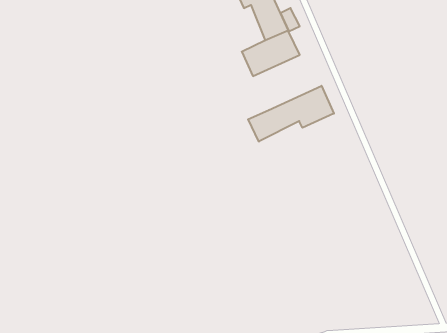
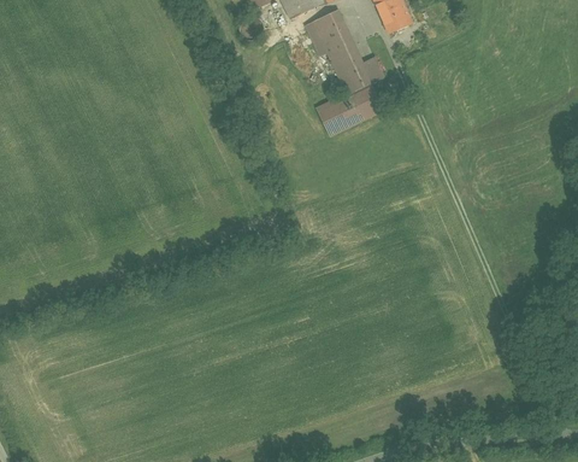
building: [248,86,334,142] -> none

